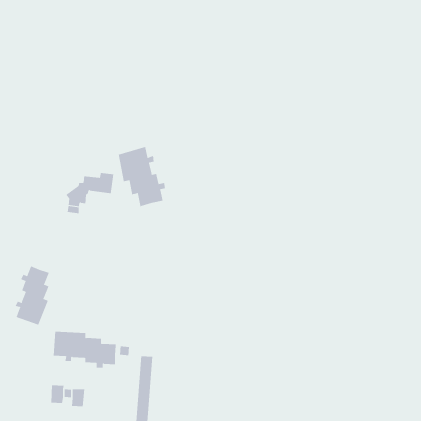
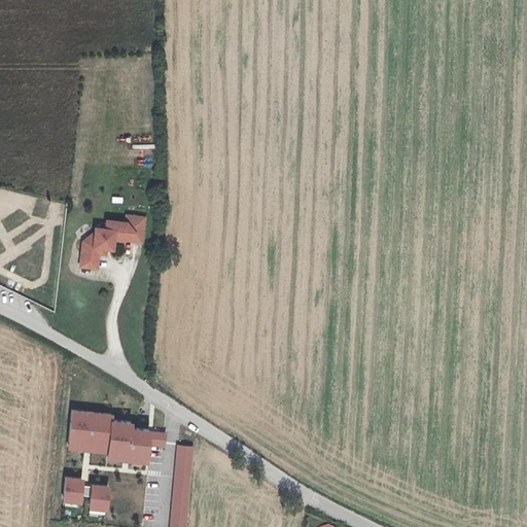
building: [118,146,165,207] -> none
building: [15,265,49,325] -> none

